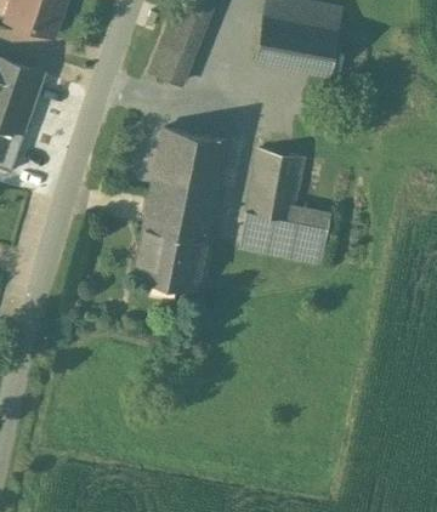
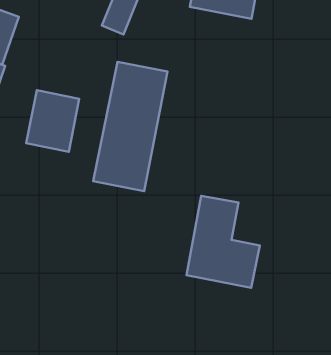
building: [239,148,330,262] -> [187,196,260,288]
building: none -> [26,90,79,152]

